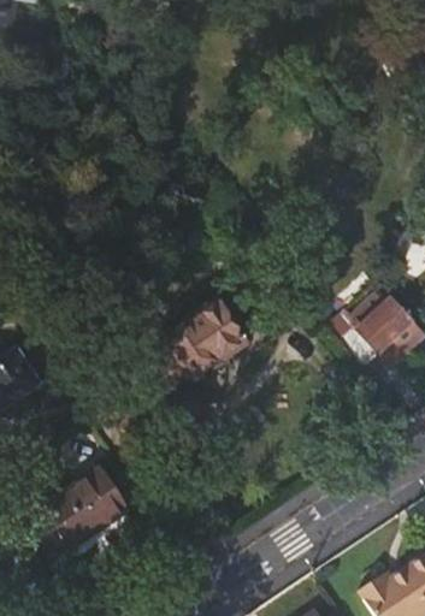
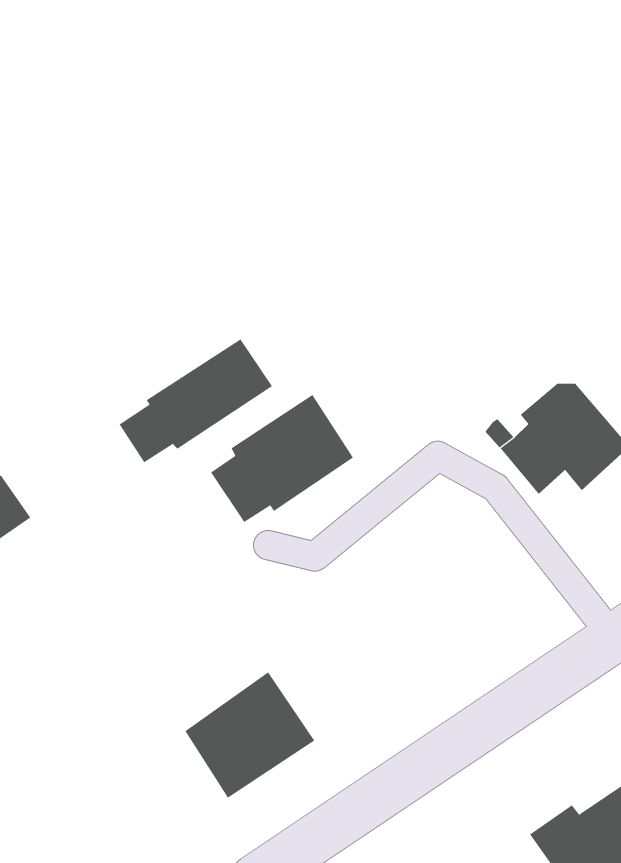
building: none -> [119,339,273,463]
building: [49,468,134,550] -> [185,672,315,798]

